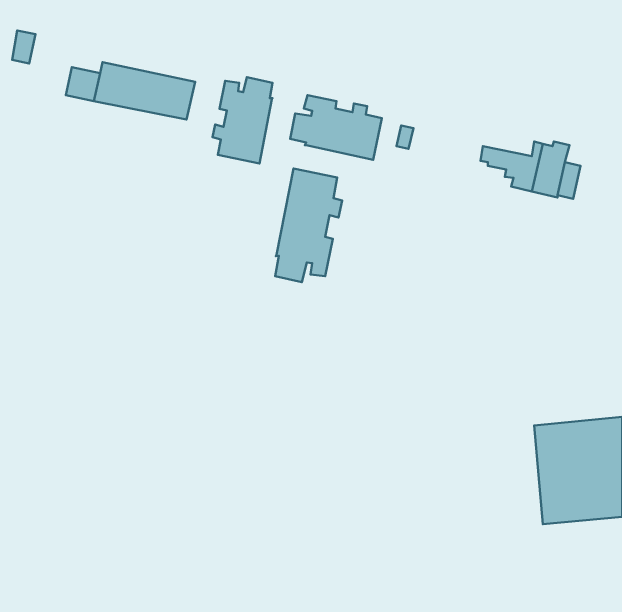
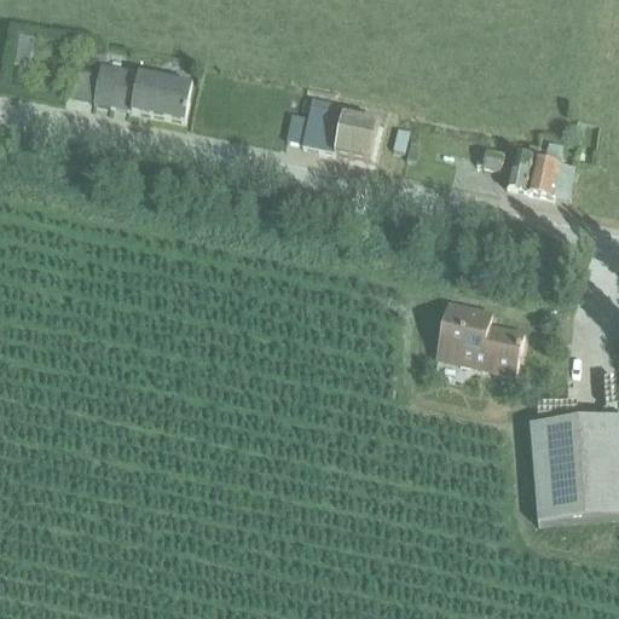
building: [212,77,272,163] -> none
building: [275,169,342,282] -> none
building: none -> [436,302,525,375]

